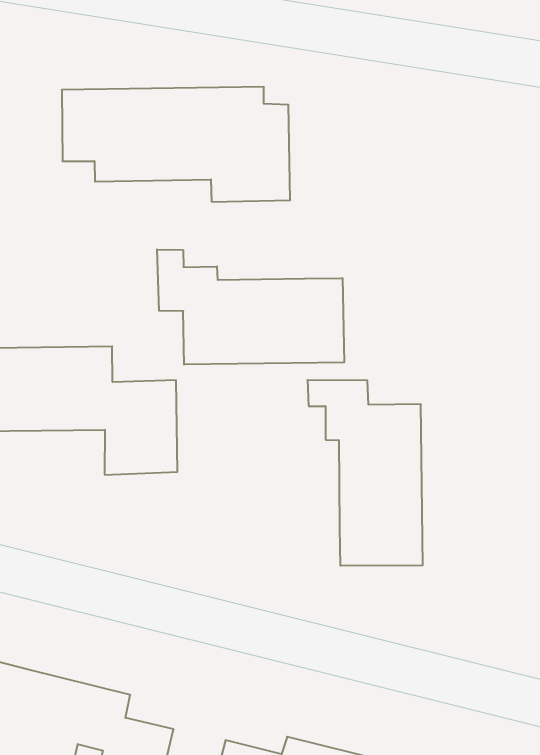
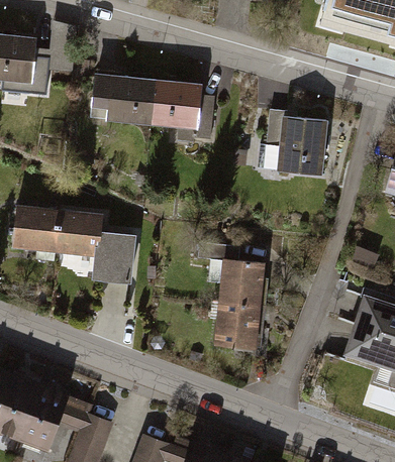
building: none -> [263,108,330,179]
building: [157,249,344,365] -> none

